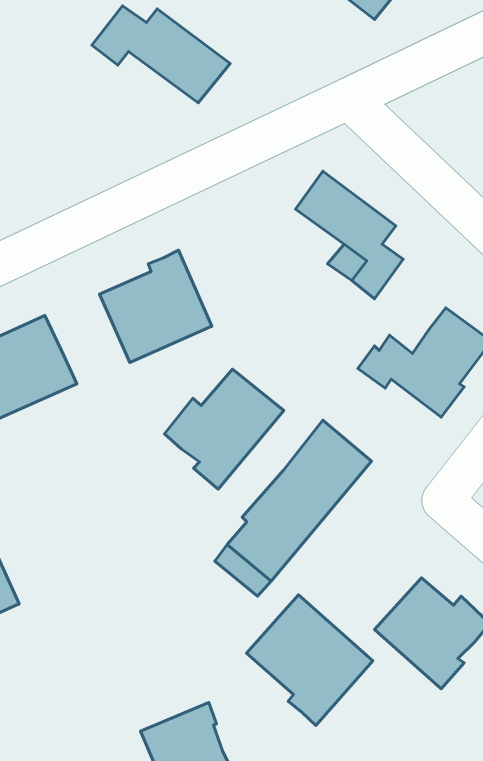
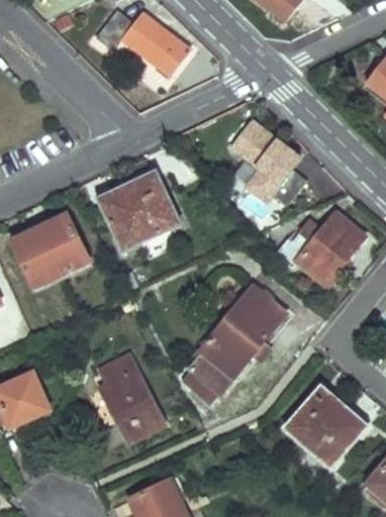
building: [165,369,284,489] -> none
building: none -> [100,353,162,440]
building: [247,595,373,726] -> none

